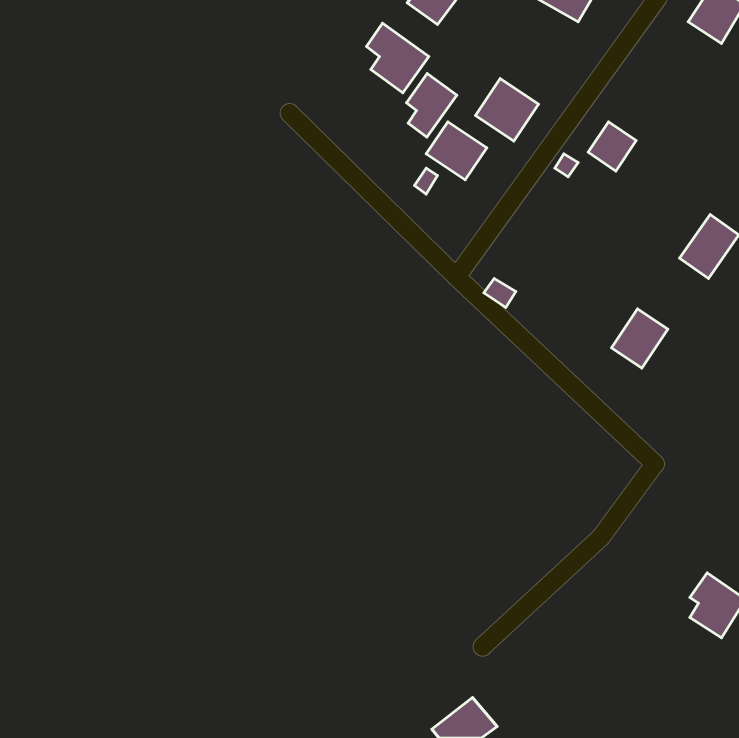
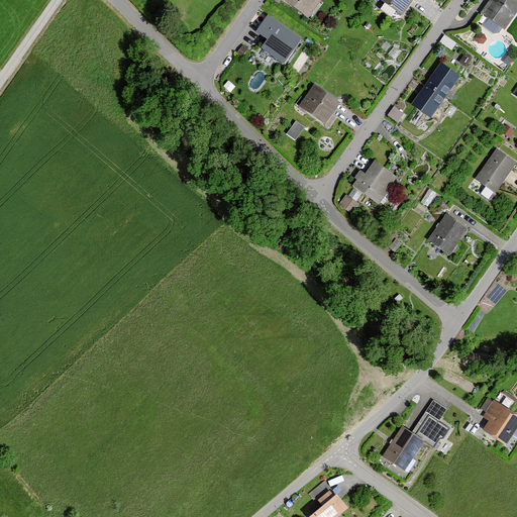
building: [406,74,457,137] -> none
building: [476,79,538,141] -> none
building: none -> [425,64,458,98]
building: none -> [354,161,398,205]
building: none -> [382,399,450,471]

